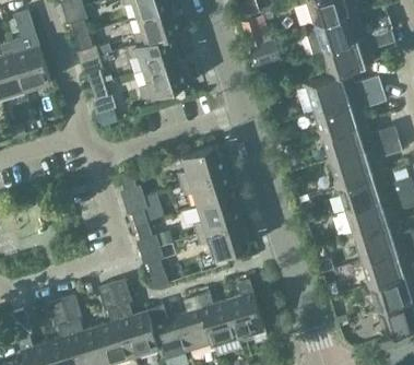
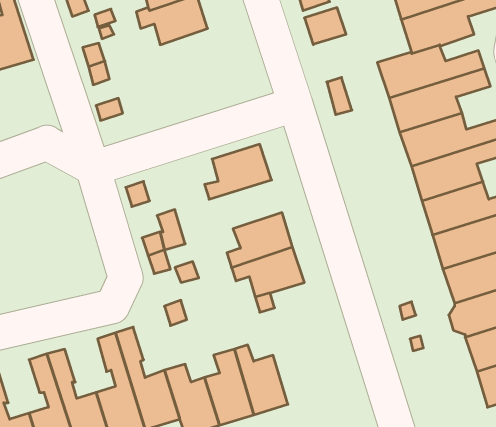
building: [139,59,188,99] -> none
building: [180,170,234,207] -> none
building: [227,279,264,335] -> none

